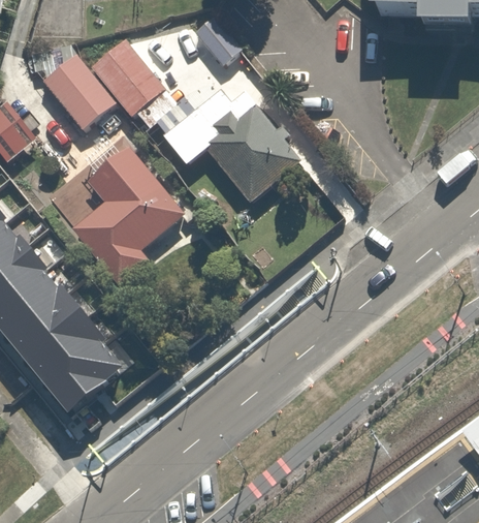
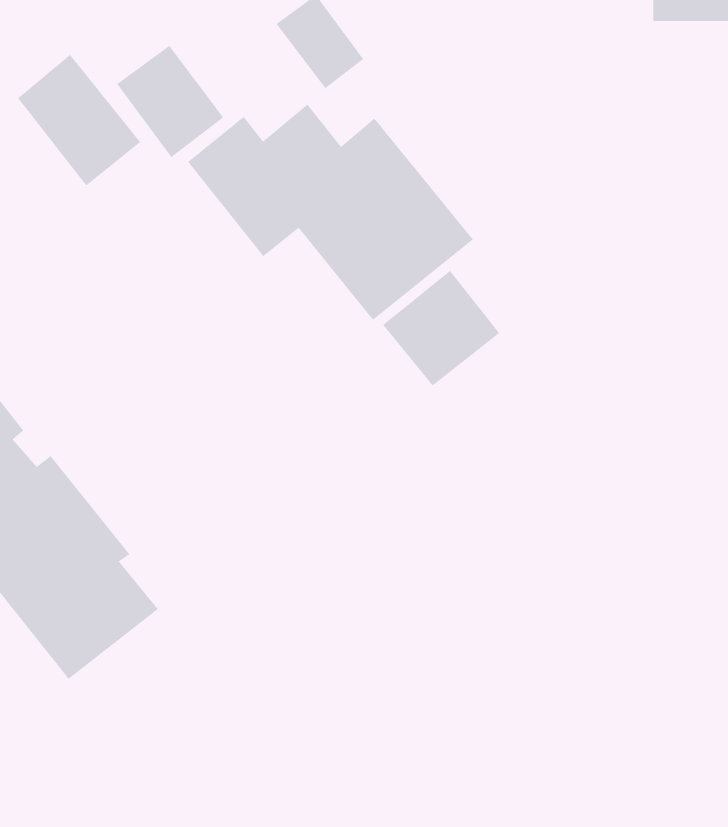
building: [74,146,184,285] -> none
building: none -> [382,270,500,387]

